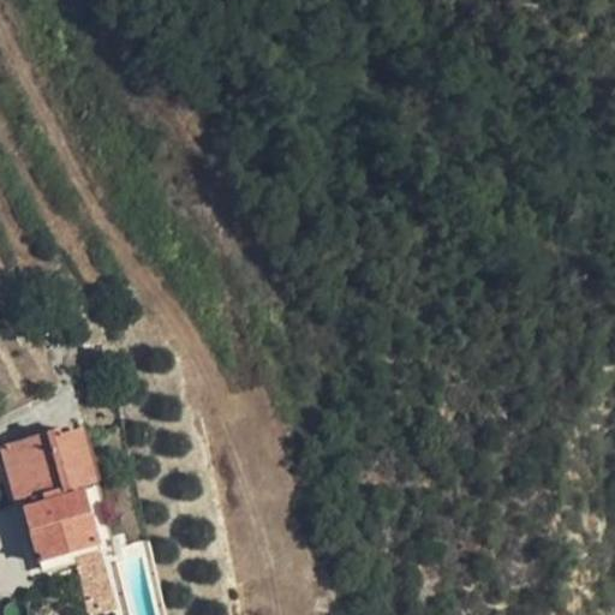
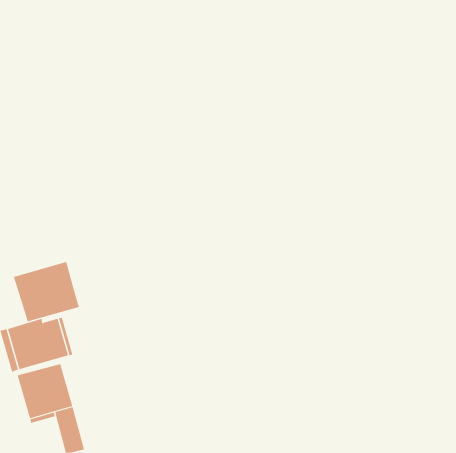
building: none -> [13,261,80,322]

